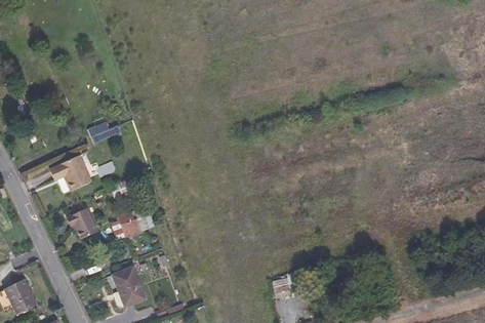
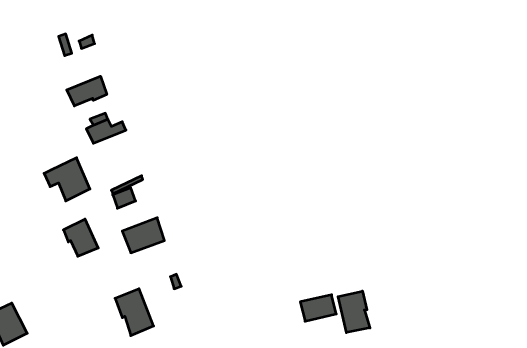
building: none -> [67,76,107,106]
building: none -> [338,291,370,333]

